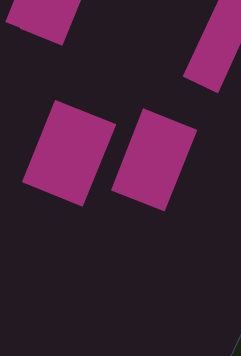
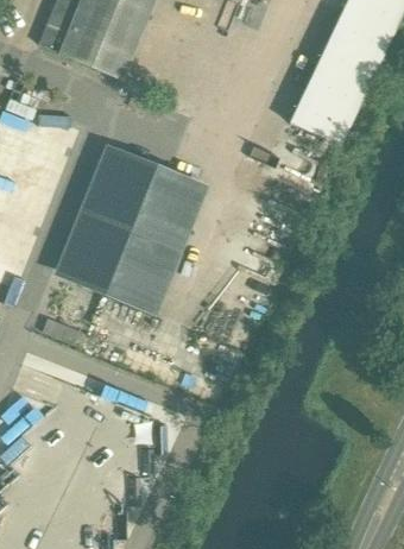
building: [110,107,199,212] -> none

